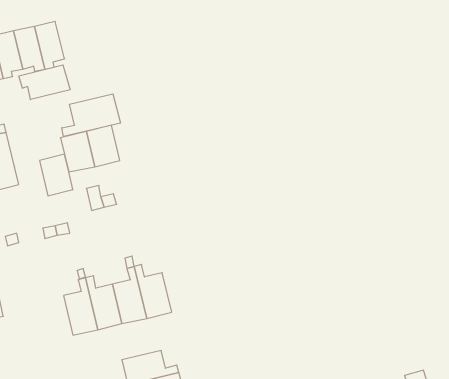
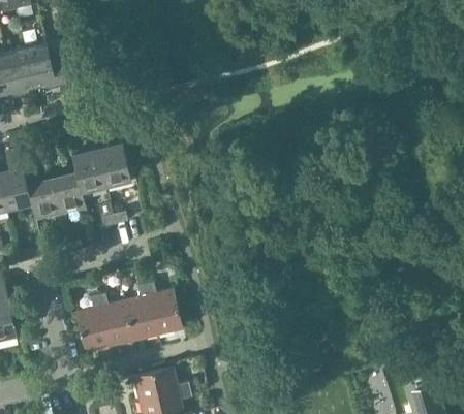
building: [19,65,70,100] -> none
building: [62,94,121,137] -> none
building: none -> [26,179,59,219]

